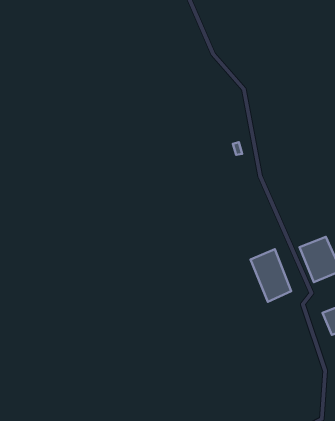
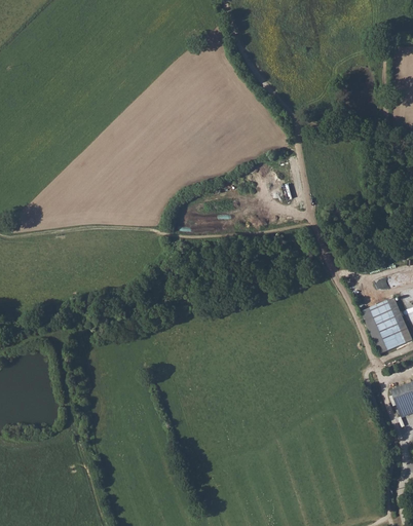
building: [250,249,291,302] -> none

